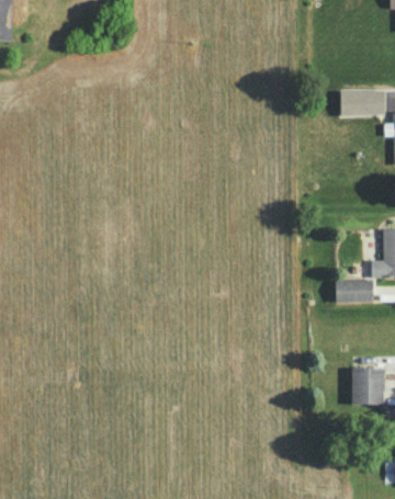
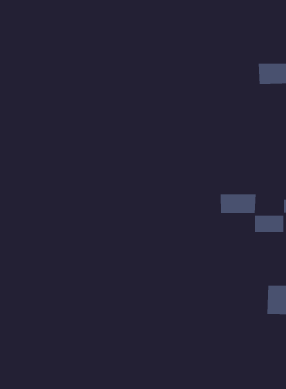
building: none -> [220,193,256,214]

